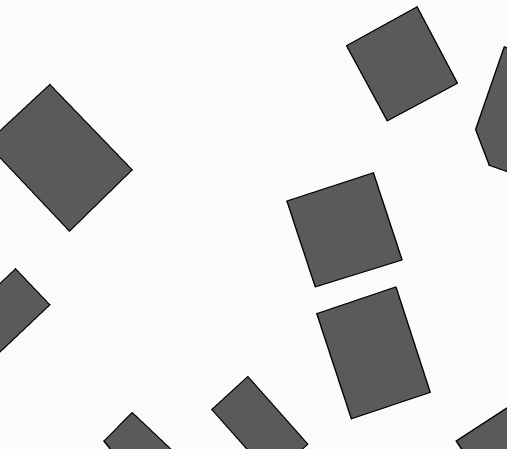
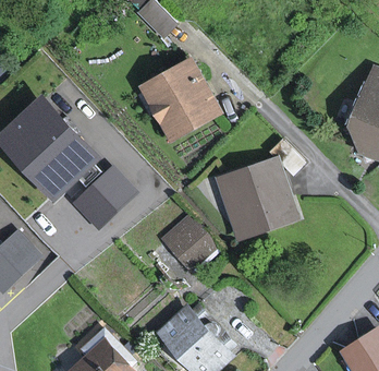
building: [347,7,457,121] -> [139,58,220,141]
building: none -> [71,163,138,229]
building: none -> [161,213,218,271]
building: [317,287,430,419] -> none

